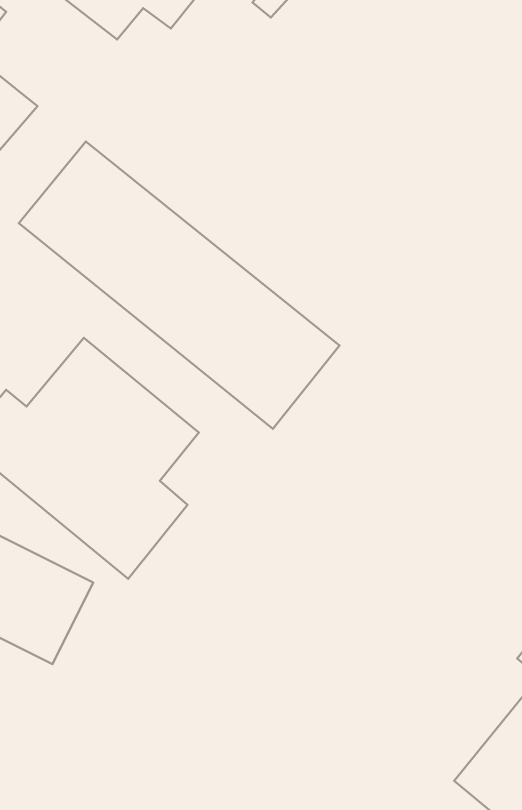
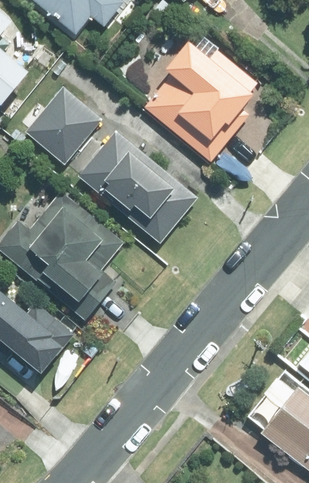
building: none -> [142,36,256,161]

